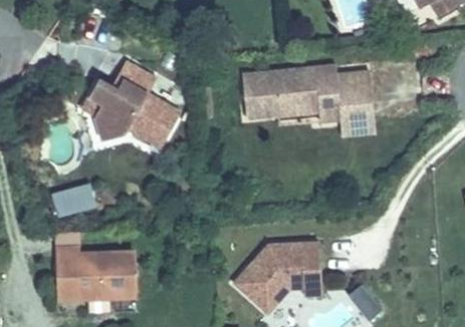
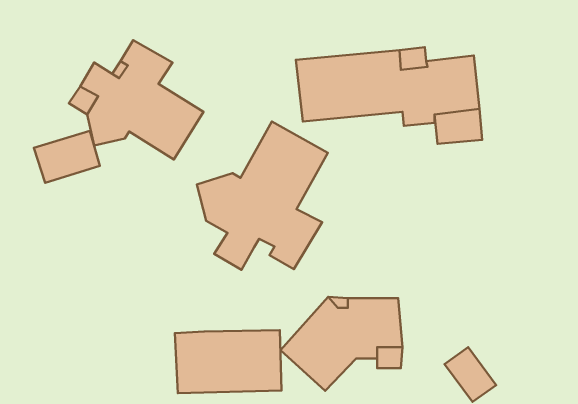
building: none -> [197,122,328,270]
building: [48,180,95,217] -> [34,131,100,183]
building: [58,251,135,296] -> [175,330,281,393]

